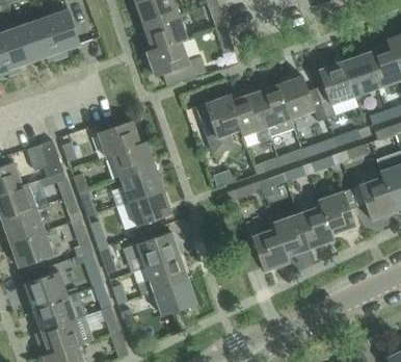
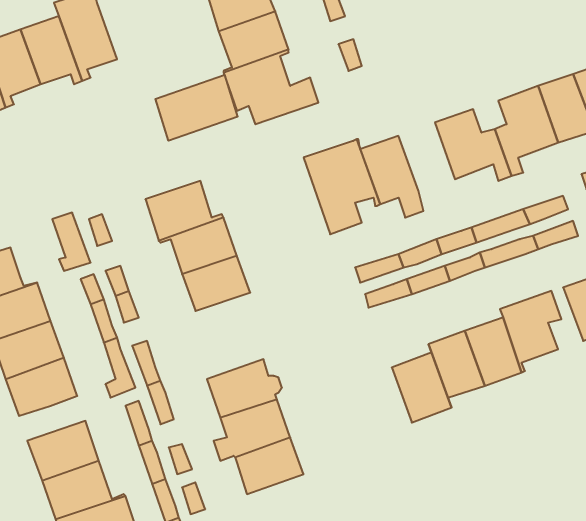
building: none -> [155,75,238,141]
building: [256,84,295,139] -> none
building: [115,190,171,230] -> none

